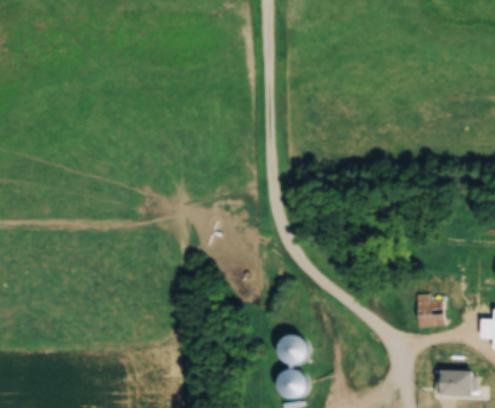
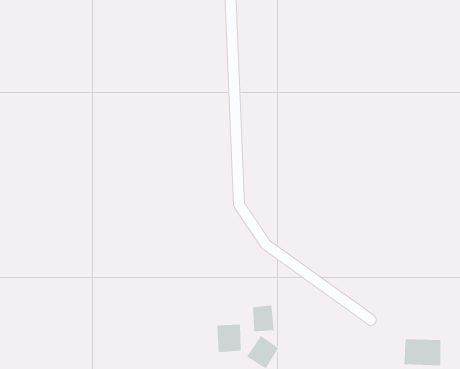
building: [414,293,443,326] -> none
building: none -> [217,324,241,353]

